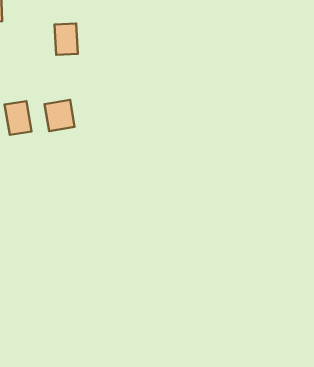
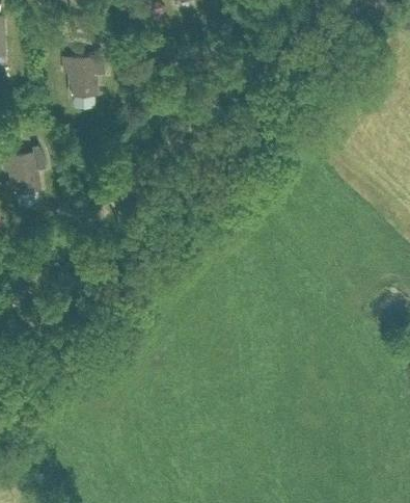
building: [45,100,75,131] -> none

